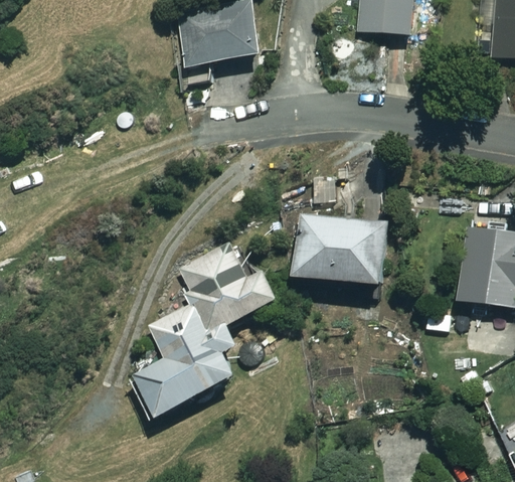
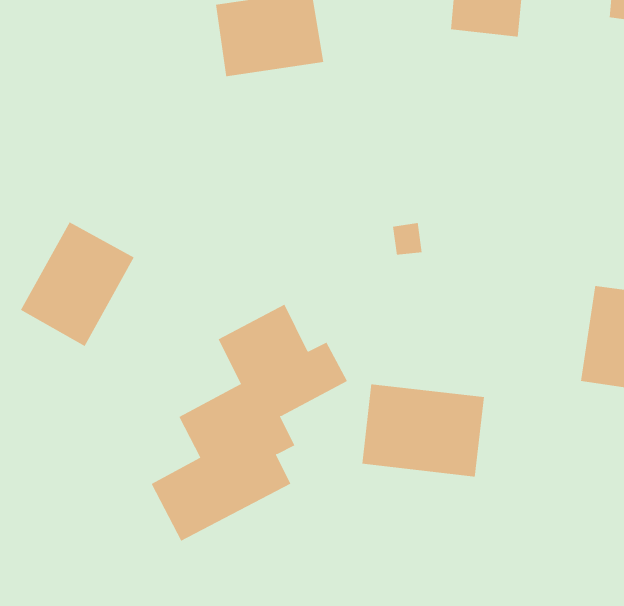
building: none -> [20,221,134,347]
building: [294,214,388,286] -> [361,384,485,477]

